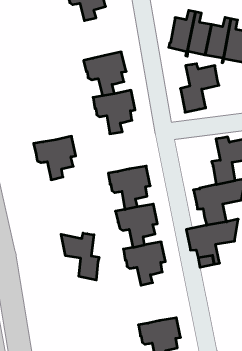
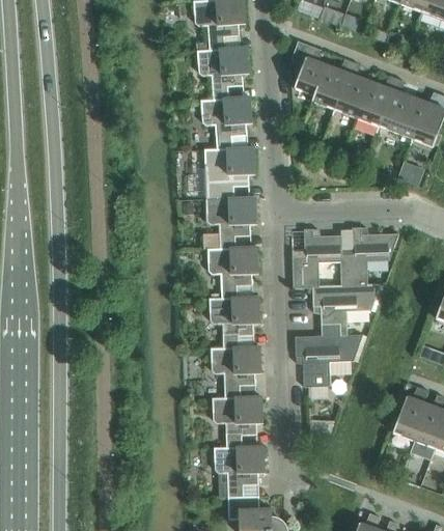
building: none -> [292,41,326,95]
building: none -> [197,47,248,99]
building: [180,64,219,112] -> [293,229,342,288]
building: [34,136,76,180] -> [205,197,256,248]
building: [61,233,99,280] -> none
building: none -> [213,396,262,447]

